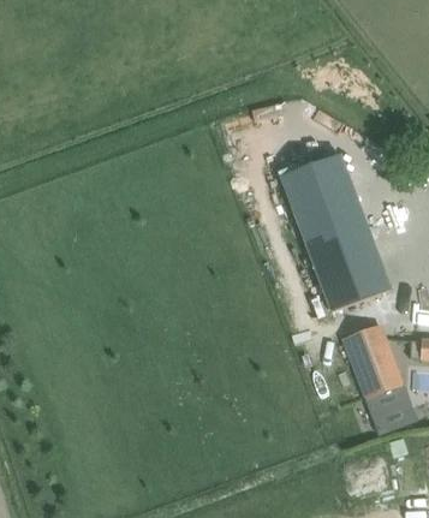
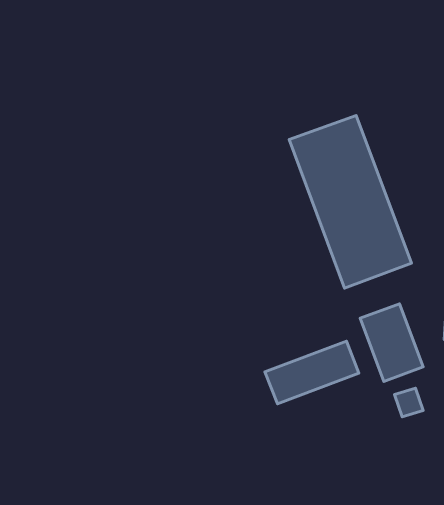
building: none -> [265,341,359,404]

